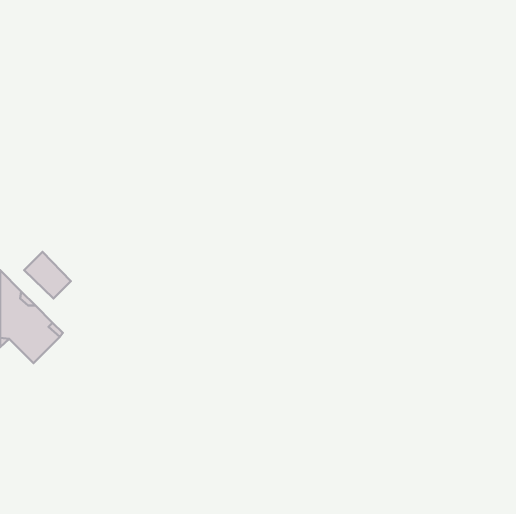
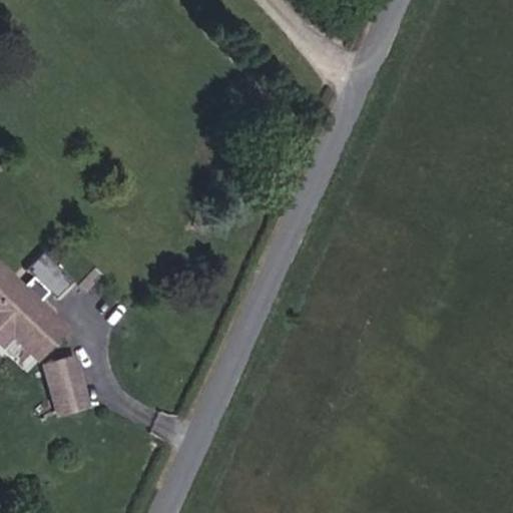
building: none -> [43,358,86,417]

